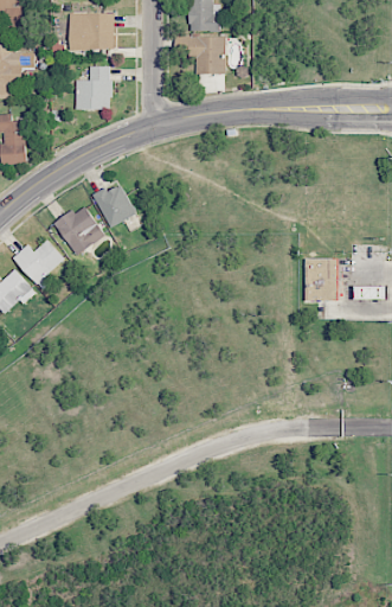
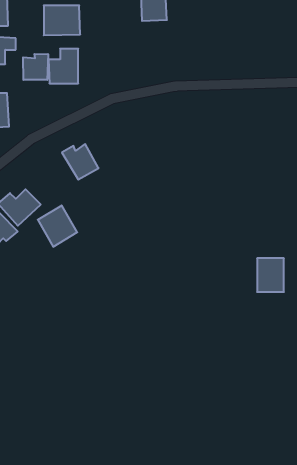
building: [174,36,225,74] -> none
building: none -> [23,54,48,80]
building: [56,204,104,255] -> [38,205,77,247]
building: [304,258,338,300] -> [257,258,284,292]

